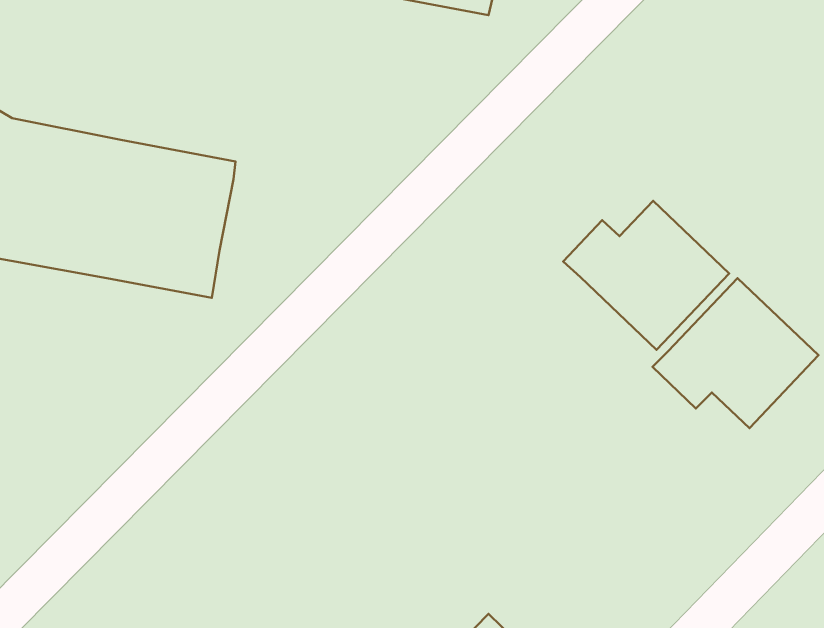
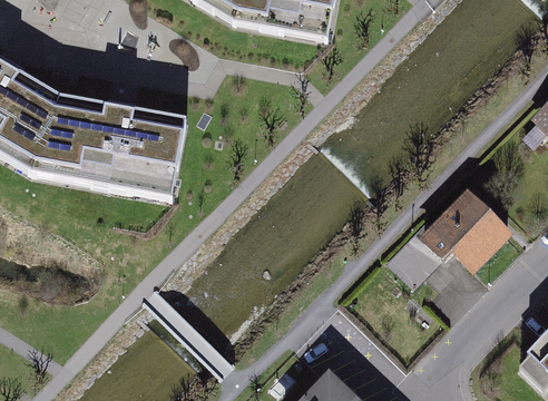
building: [563,201,729,350] -> none

